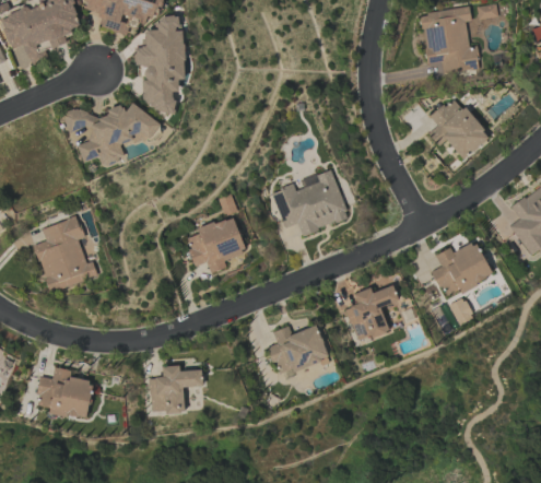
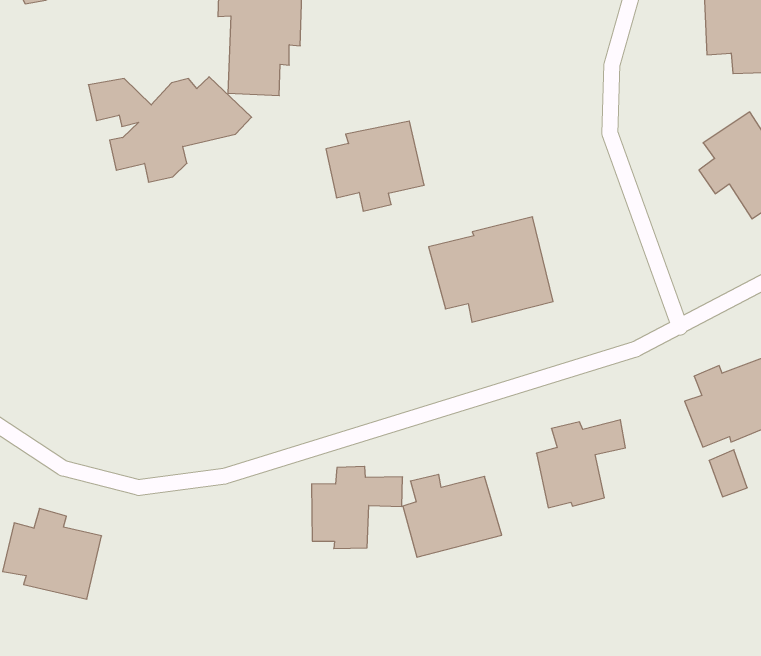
building: [35,216,98,291] -> none
building: [186,216,246,272] -> [326,121,424,211]
building: [149,364,203,414] -> [312,466,403,549]

